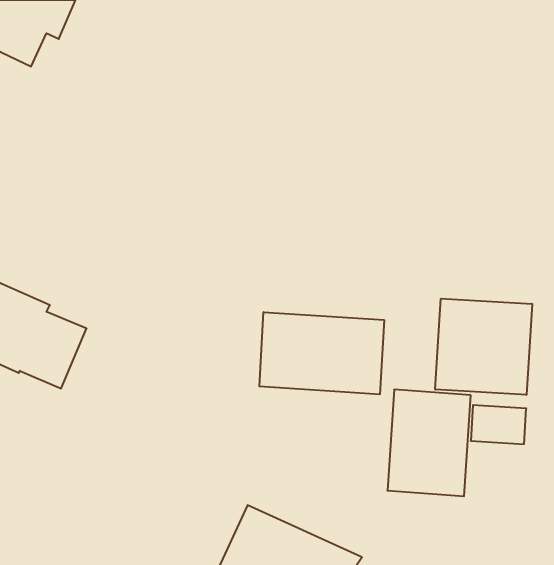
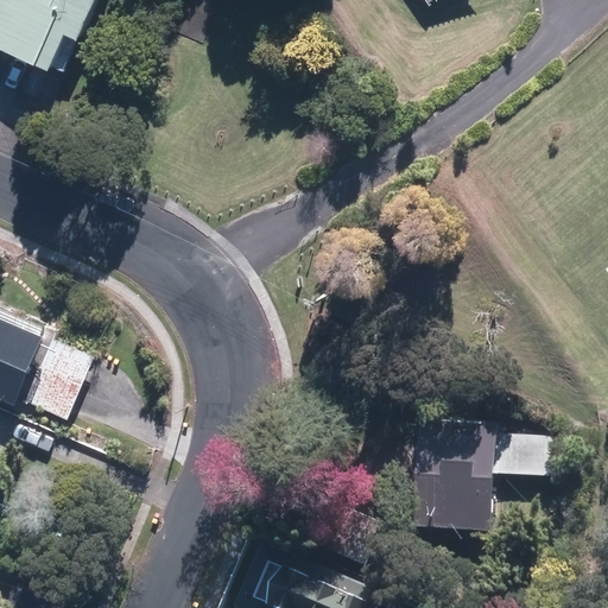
building: [435,299,532,395] -> none
building: [259,312,384,394] -> none

